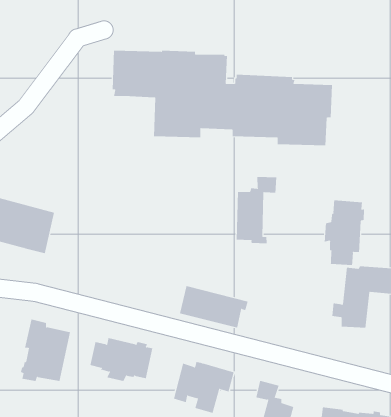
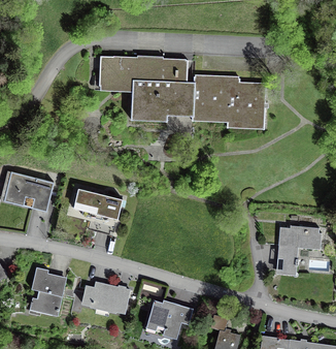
building: [236,176,277,244] -> none
building: [324,200,365,266] -> none
building: [179,285,248,328] -> [73,190,127,223]

